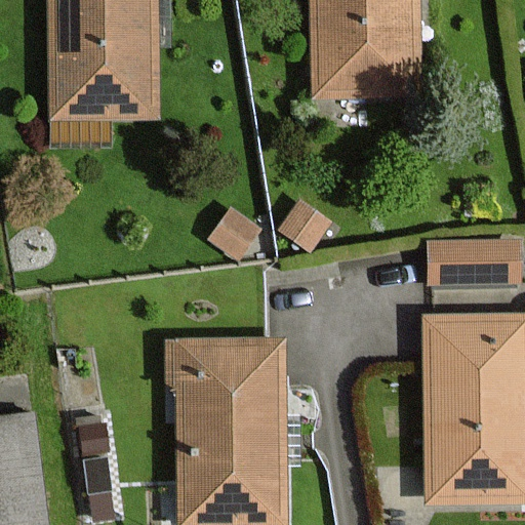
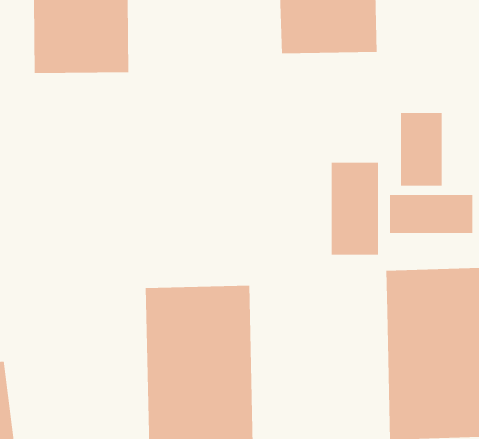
building: none -> [401,112,442,187]
building: none -> [331,162,378,256]

